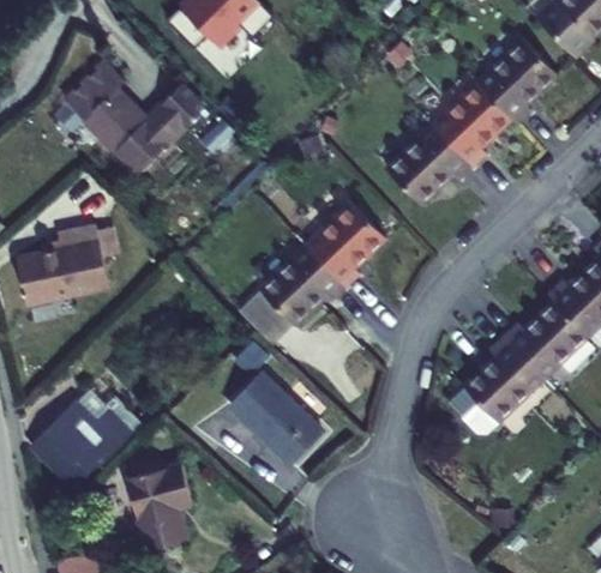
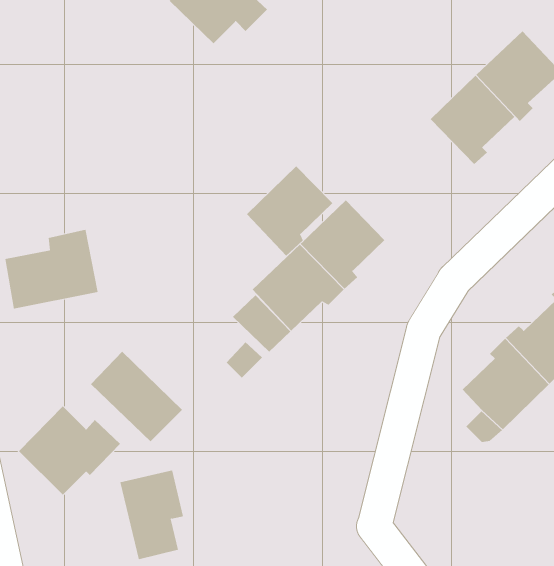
building: [66,61,203,174] -> none
building: [385,121,474,206] -> none
building: none -> [246,166,333,257]
building: [232,373,321,462] -> [90,351,183,442]

